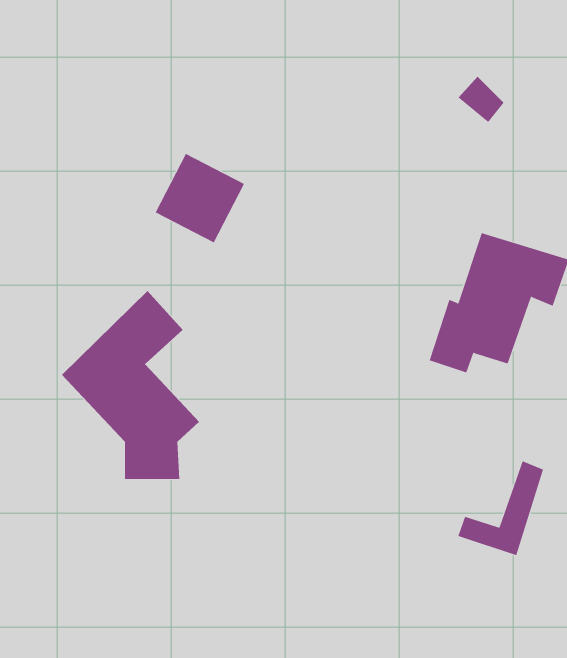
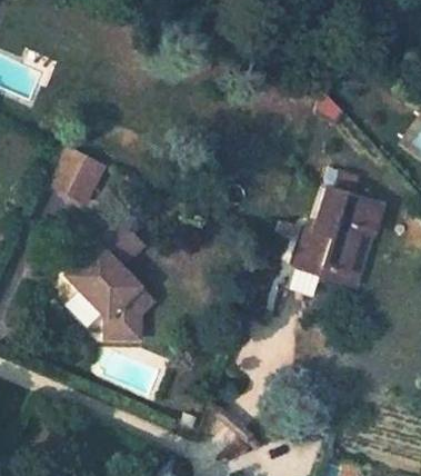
building: [155,153,245,243] -> [51,150,107,206]
building: [457,460,544,556] -> [320,229,373,288]

